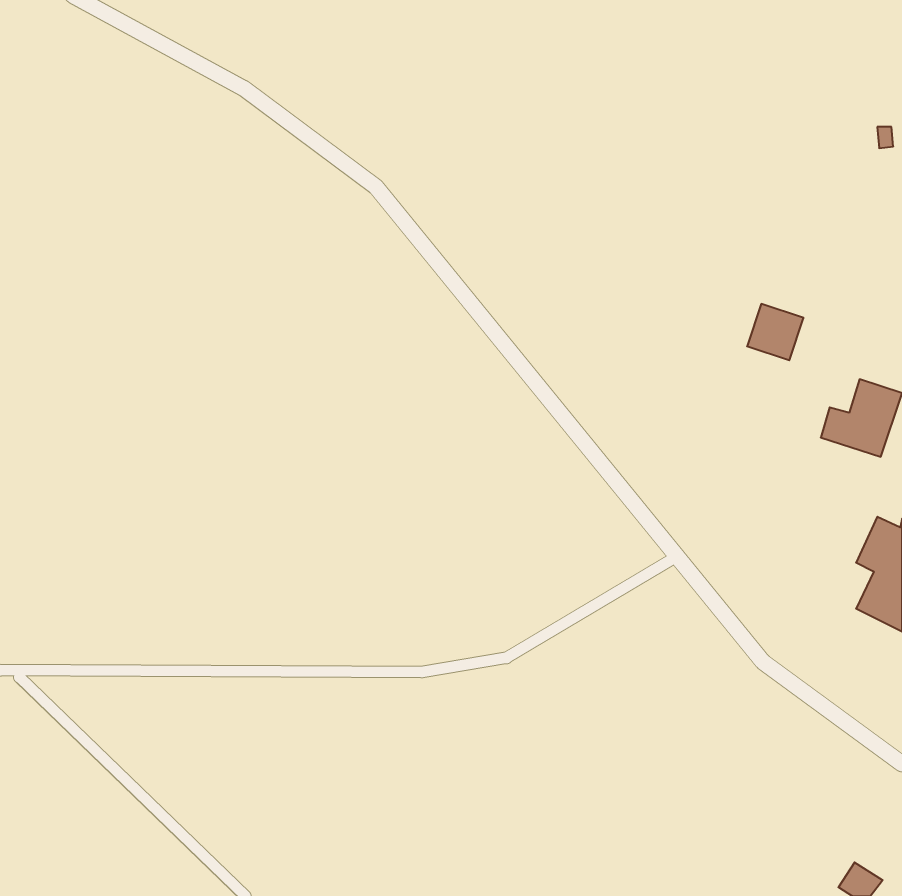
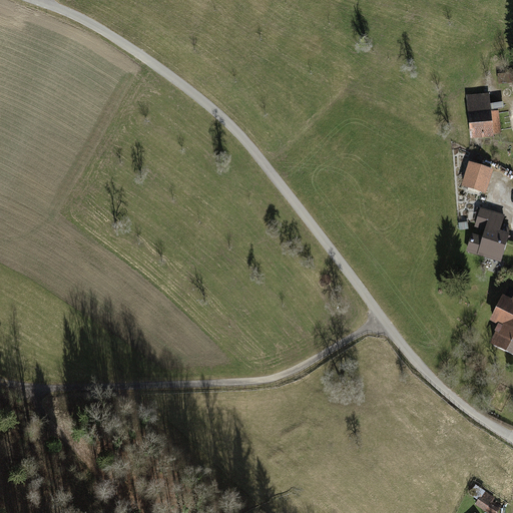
building: none -> [468,91,501,135]
building: [747,304,804,360] -> [462,163,494,195]

